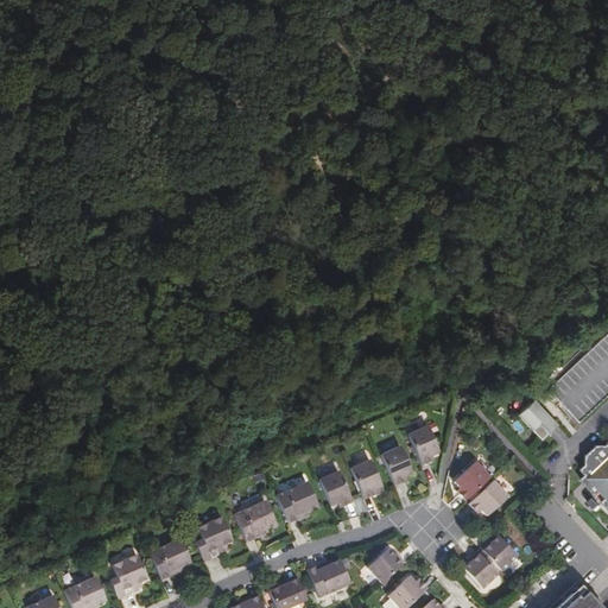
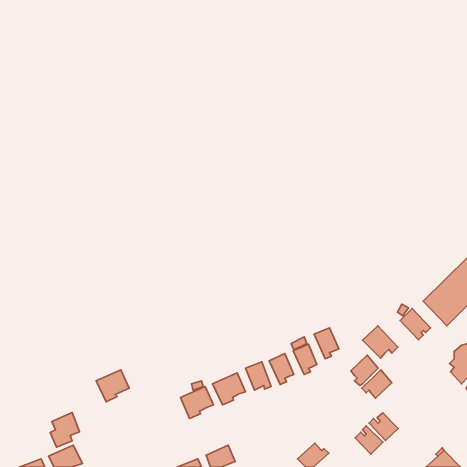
building: none -> [363,326,398,358]
building: [196,518,234,562] -> none
building: [150,539,192,581] -> [96,370,129,402]
building: [367,546,405,583] -> none
building: [110,555,148,600] -> [50,412,79,447]
building: [308,560,349,597] -> none

